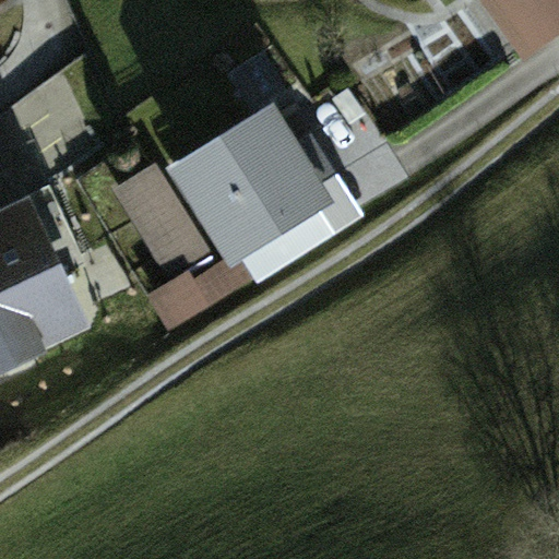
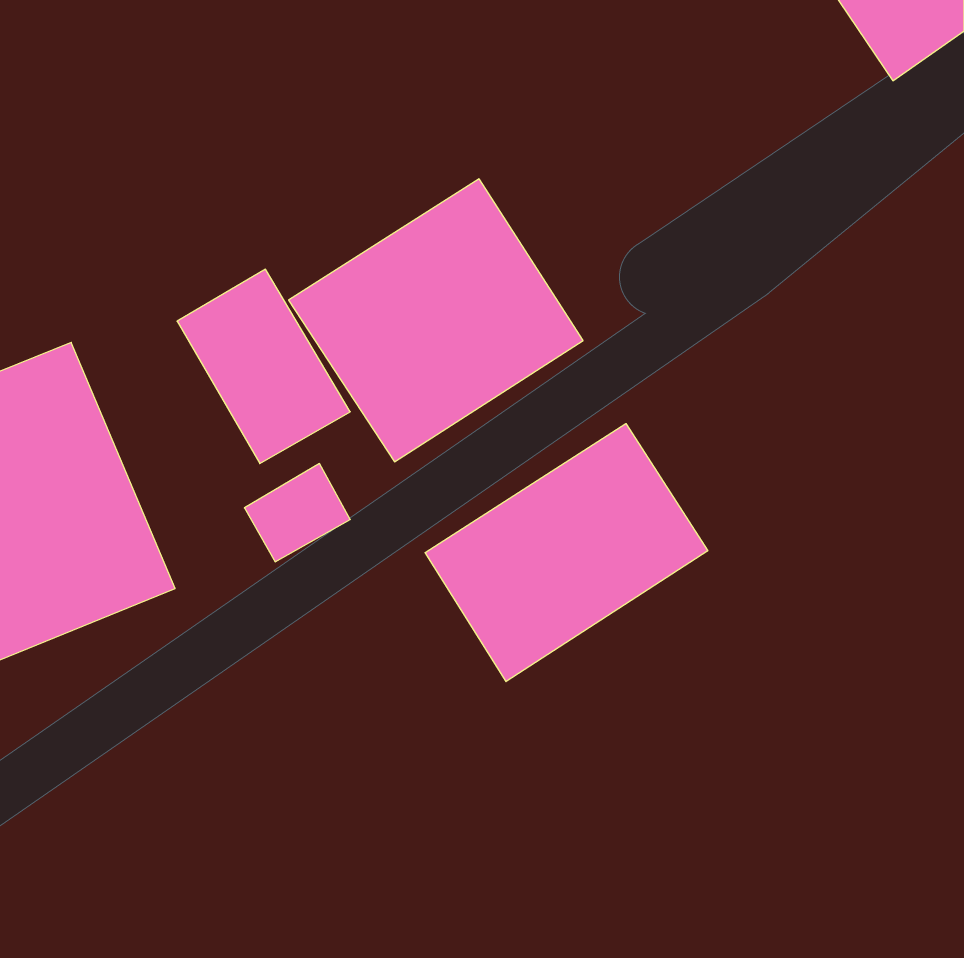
building: none -> [425,424,708,682]

